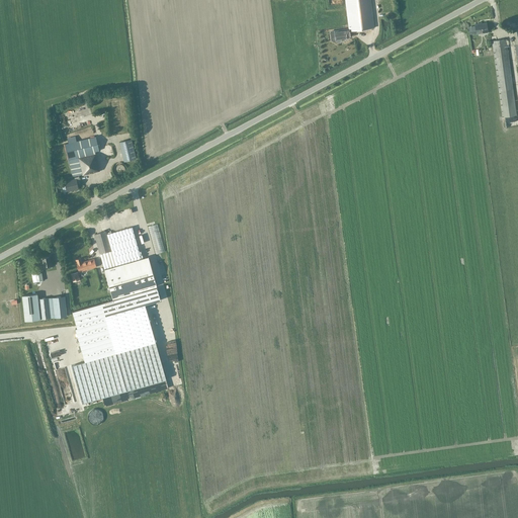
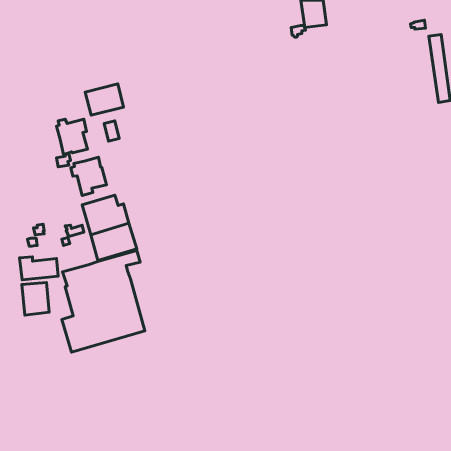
building: none -> [85,84,123,115]
building: none -> [71,157,107,196]
building: none -> [22,282,49,315]

